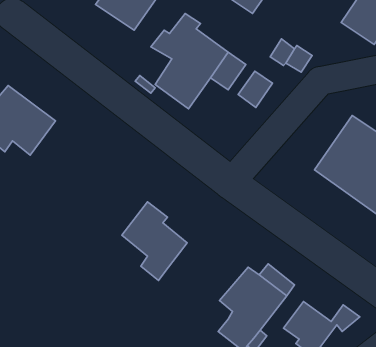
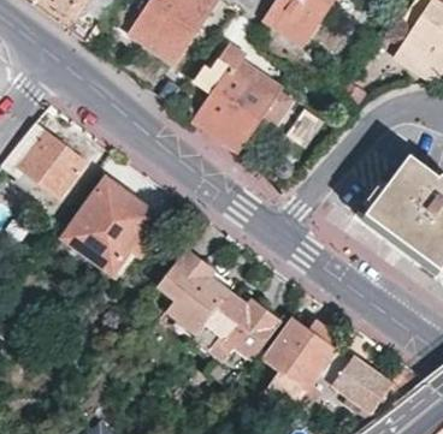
building: none -> [65,179,163,272]
building: none -> [195,293,279,359]

